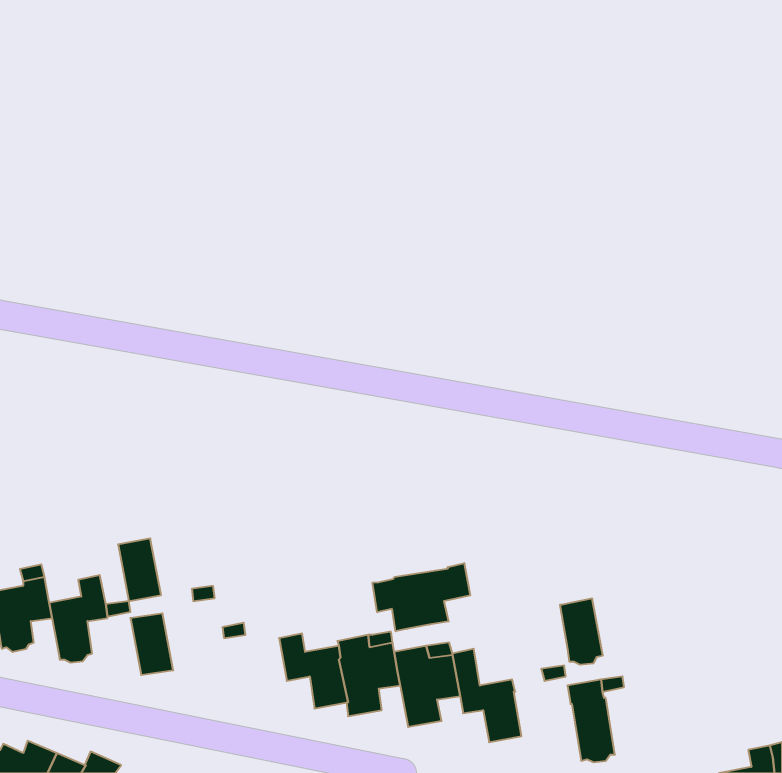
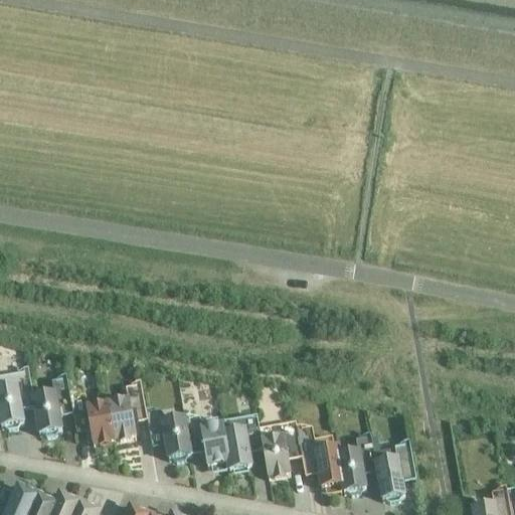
building: [118,538,161,601] -> [107,398,135,440]
building: [373,563,470,631] -> none
building: [560,599,603,665] -> [337,450,365,493]
building: none -> [161,416,190,460]

